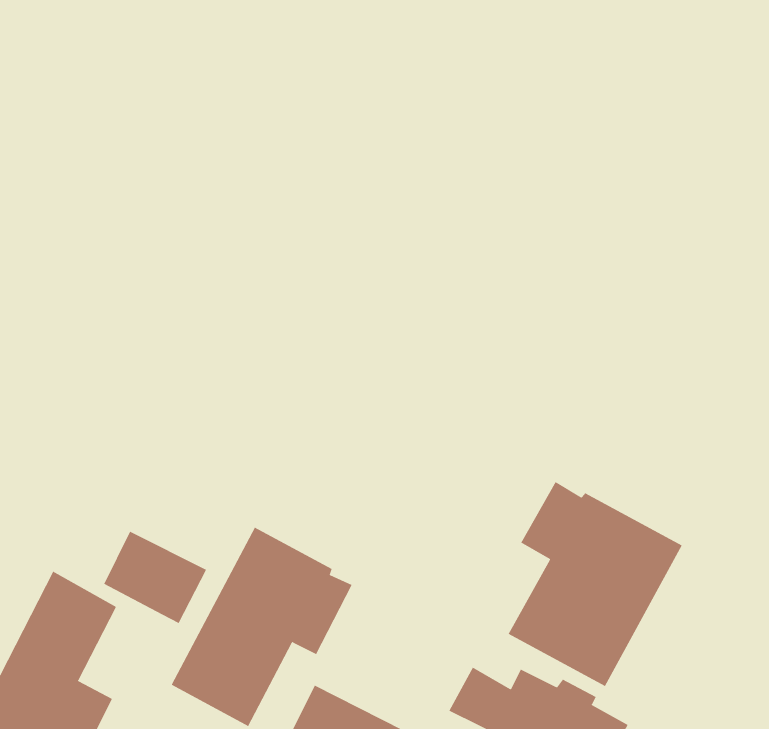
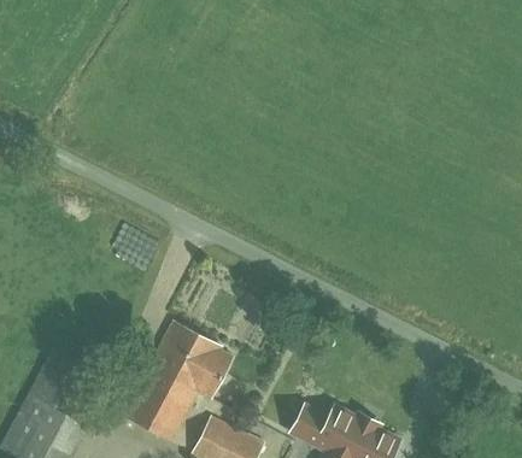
building: [508,481,683,687] -> none
building: [103,531,207,624] -> none

